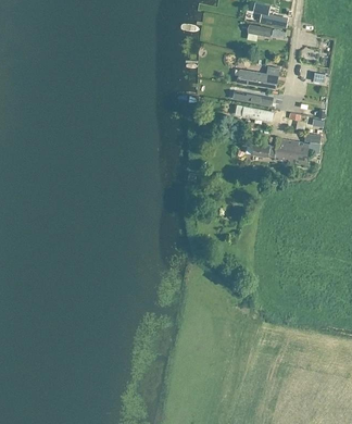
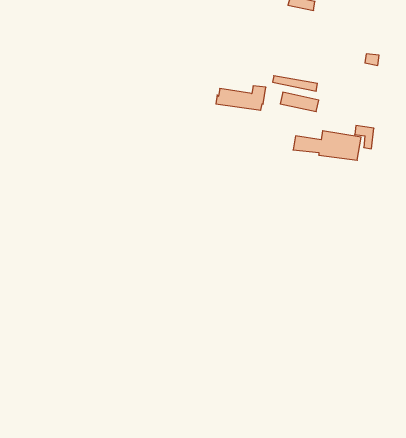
building: [234,66,276,87] -> [216,86,266,110]

